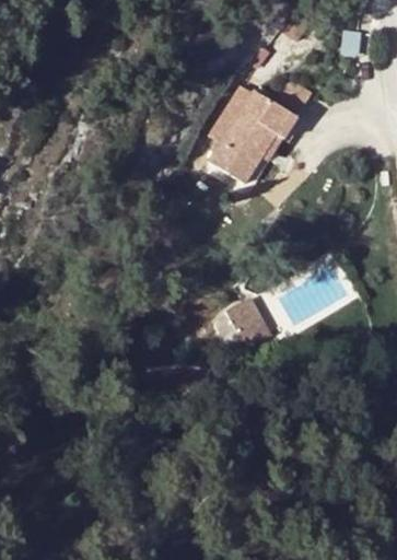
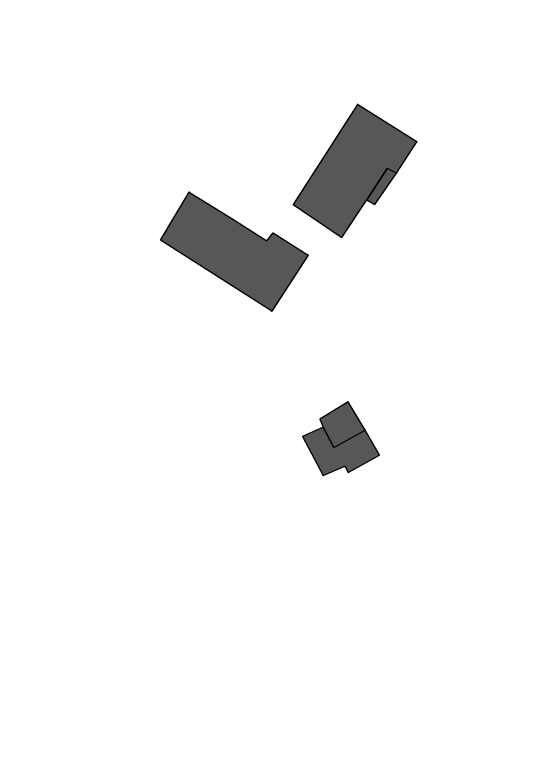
building: none -> [161,192,308,311]

